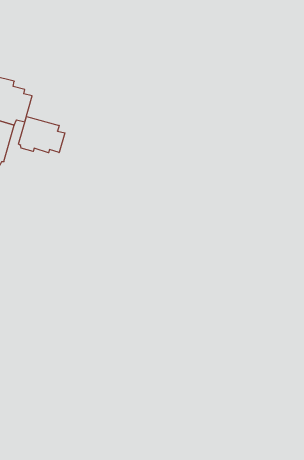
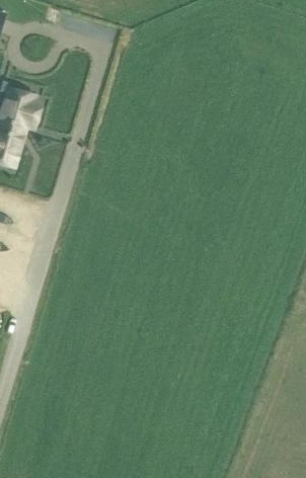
building: [18,116,65,153] -> none

